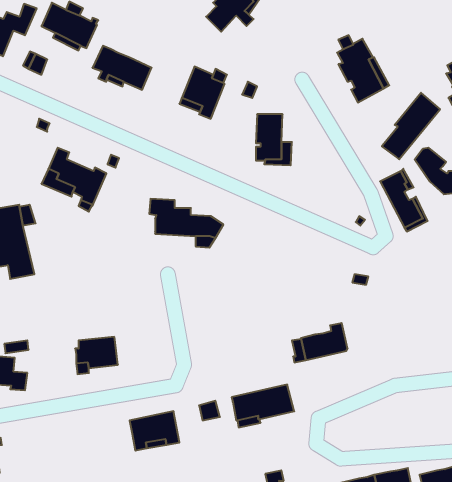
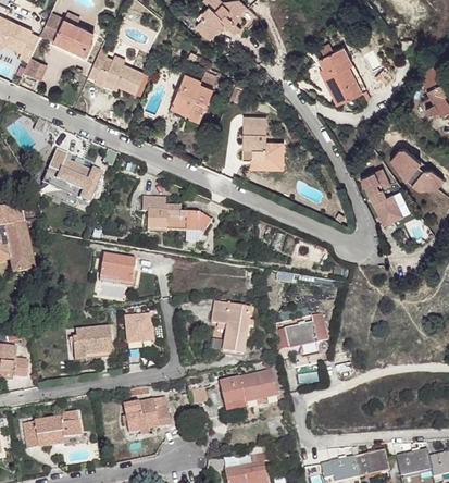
building: [382,93,440,159] -> none
building: none -> [101,253,136,283]
building: none -> [212,300,252,354]
building: none -> [125,313,152,343]
building: none -> [24,410,82,448]

